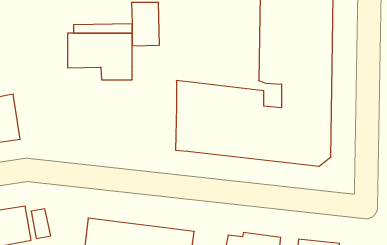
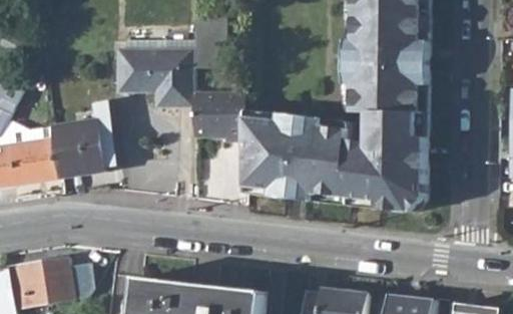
building: none -> [191,91,243,139]
building: none -> [51,117,106,178]

